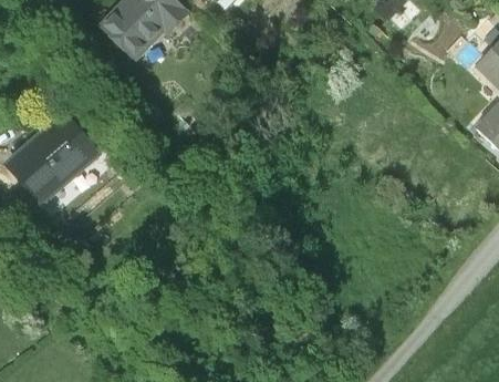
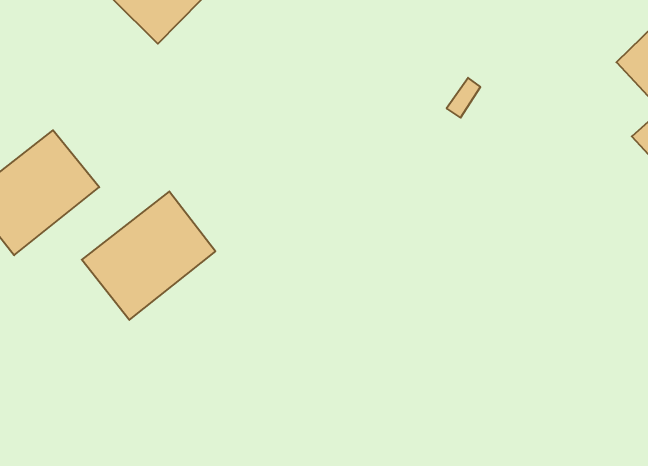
building: none -> [82,191,215,320]

